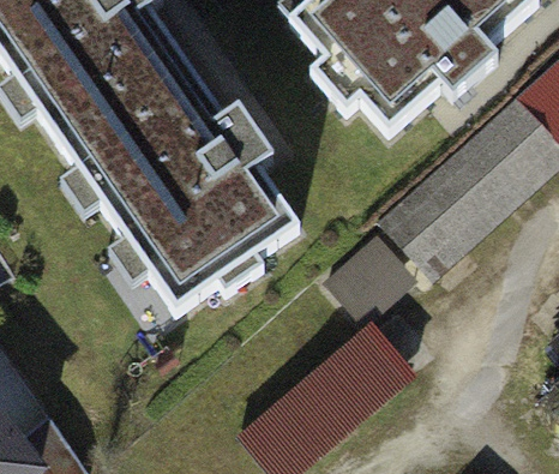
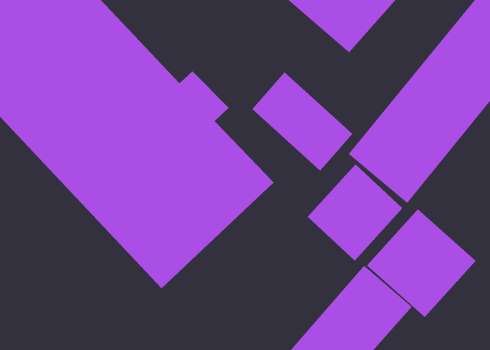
building: none -> [251,71,353,172]
building: none -> [366,209,476,318]

